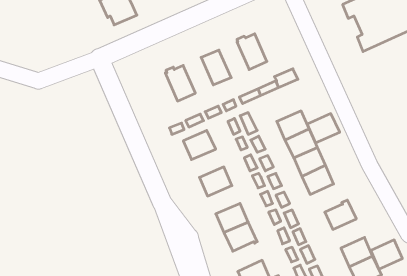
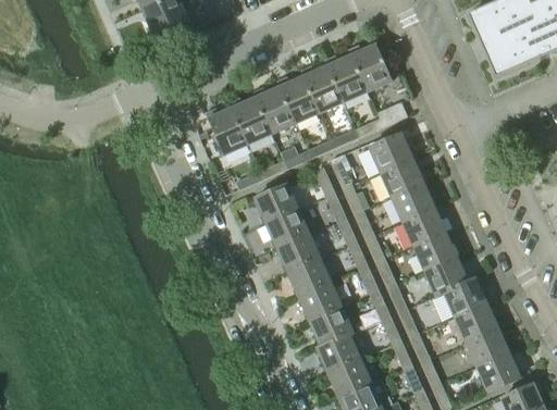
building: none -> [350,44,392,91]
building: none -> [302,65,343,113]
building: none -> [255,86,295,134]
building: none -> [207,107,247,154]
building: [307,114,340,143] -> [369,133,412,172]
building: none -> [265,209,309,247]
building: none -> [424,256,468,297]
building: none -> [287,258,331,296]
building: [371,240,402,269] -> [455,302,497,341]
building: none -> [317,333,360,373]

